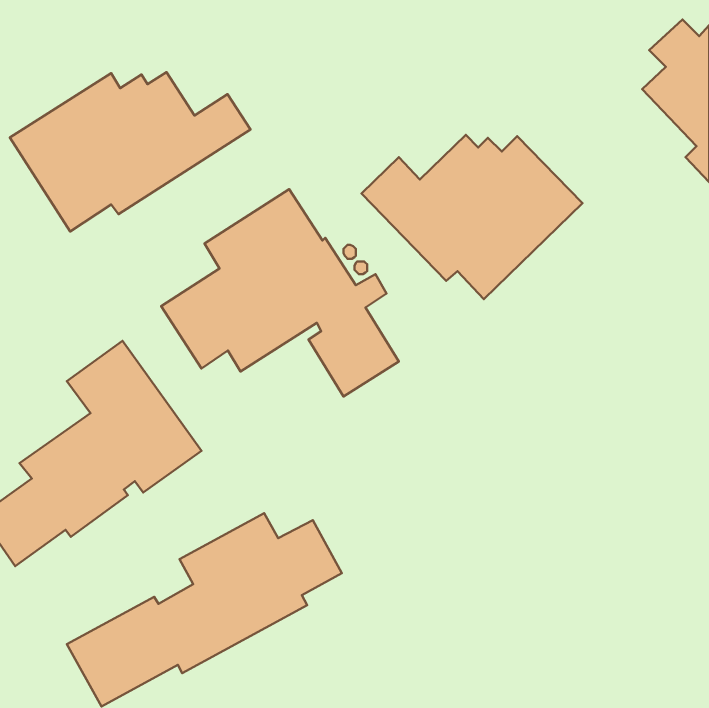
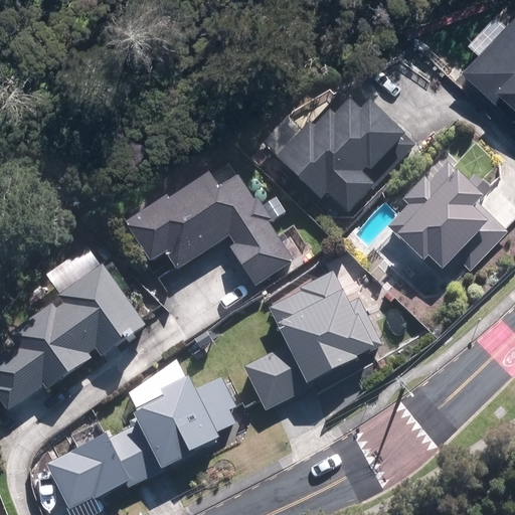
building: [10,72,250,231] -> none
building: none -> [381,161,507,290]
building: none -> [241,273,386,409]

